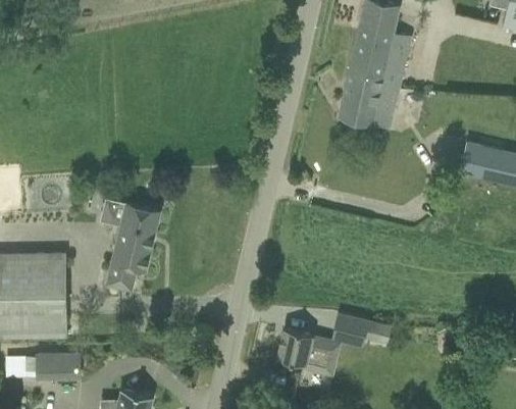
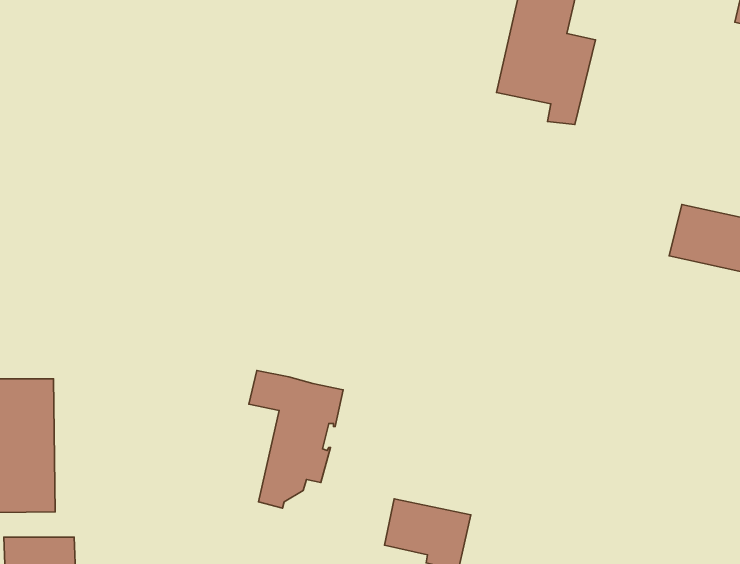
building: [338,70,399,130] -> none
building: [99,200,159,288] -> [249,371,343,508]
building: [333,314,392,344] -> none

